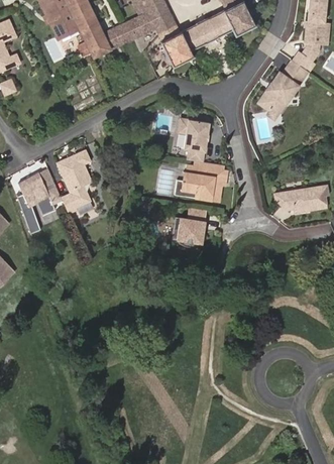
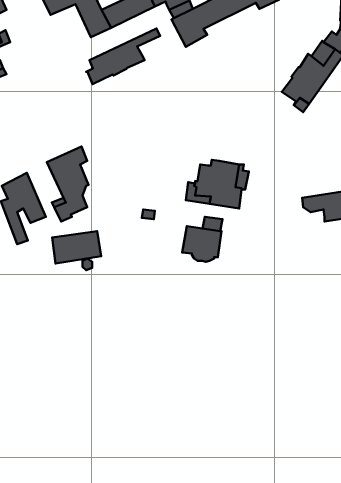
building: none -> [86,28,160,84]
building: [178,119,210,162] -> none
building: none -> [52,231,101,263]

